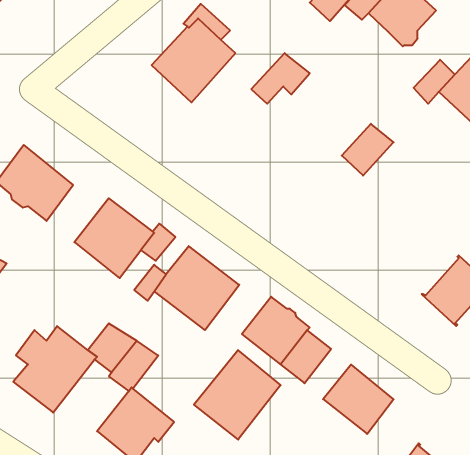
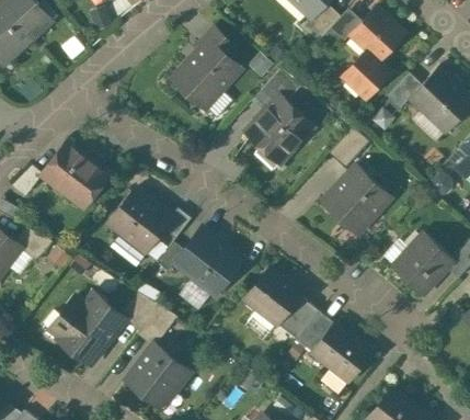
building: none -> [341,52,389,100]
building: none -> [244,97,311,159]
building: none -> [323,167,389,232]
building: none -> [295,313,334,354]
building: [194,350,281,440] -> none

